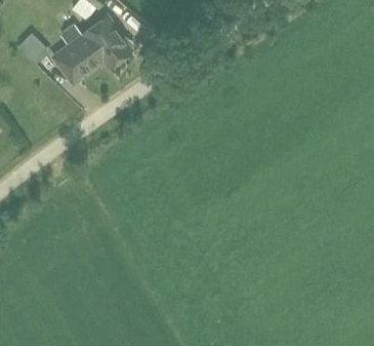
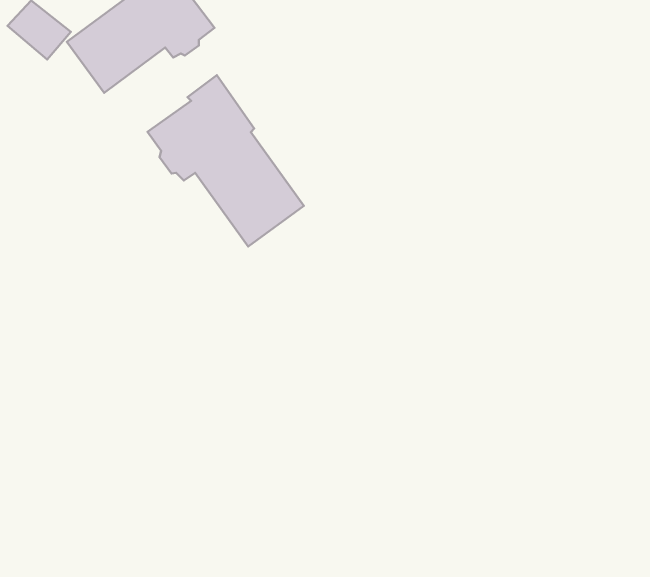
building: none -> [147,75,304,246]

